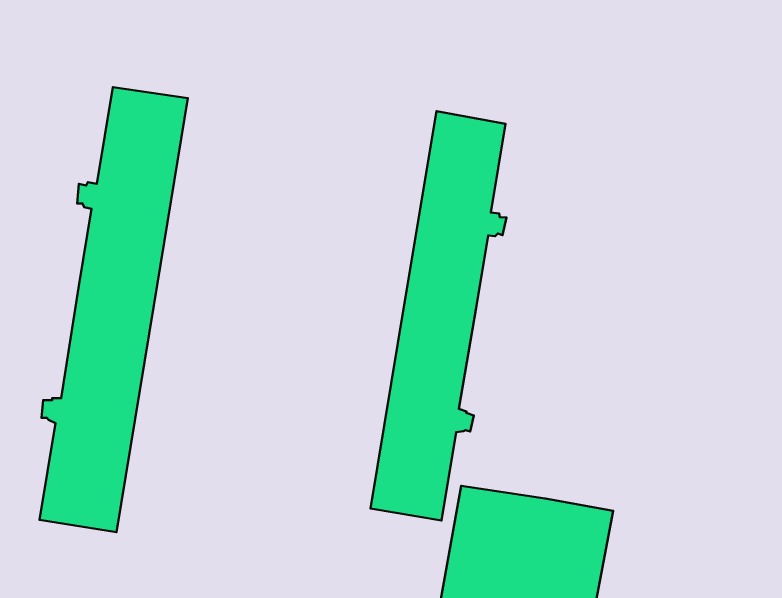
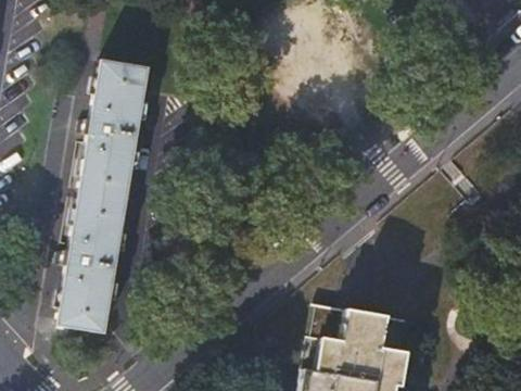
building: [371,111,507,520] -> none

